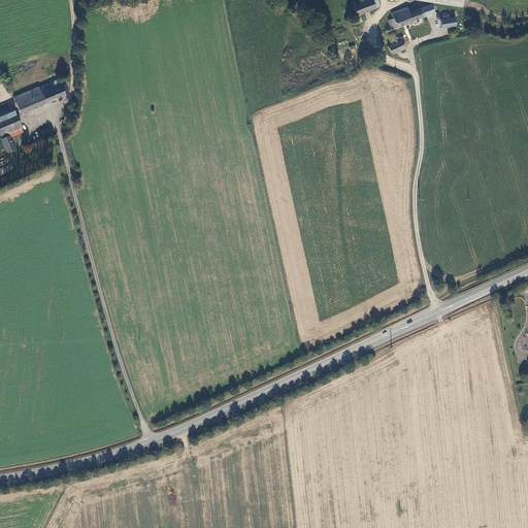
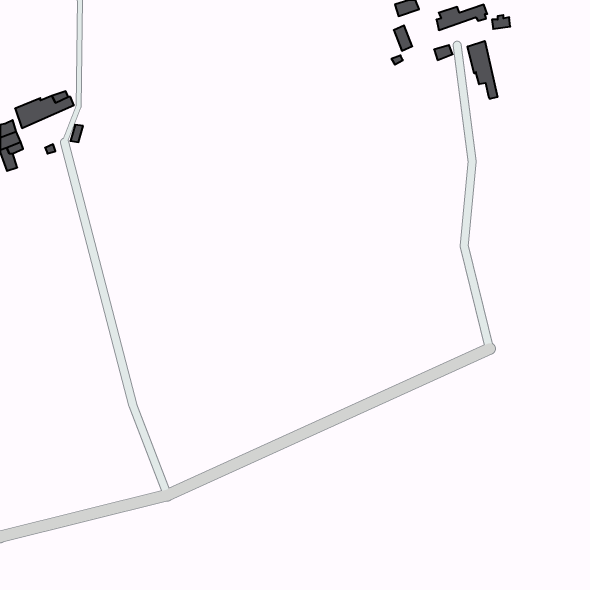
building: none -> [468,41,497,99]

